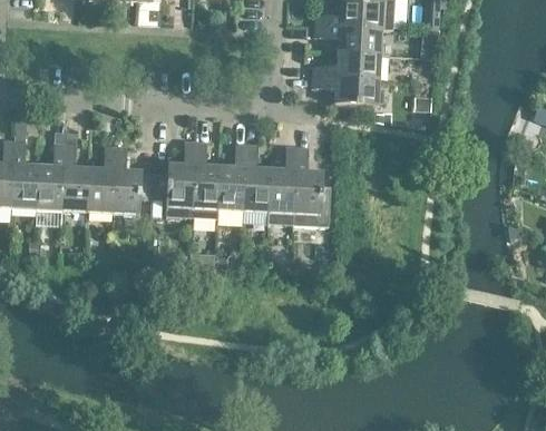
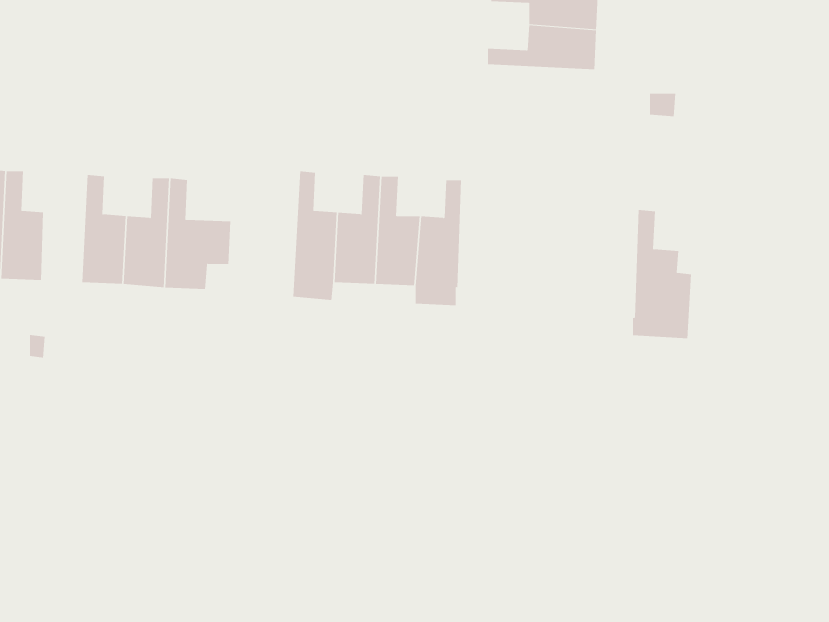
building: [311,74,379,105] -> none
building: [153,139,196,217] -> none
building: [37,141,65,208] -> none
building: [293,145,330,225] -> [632,209,692,339]

